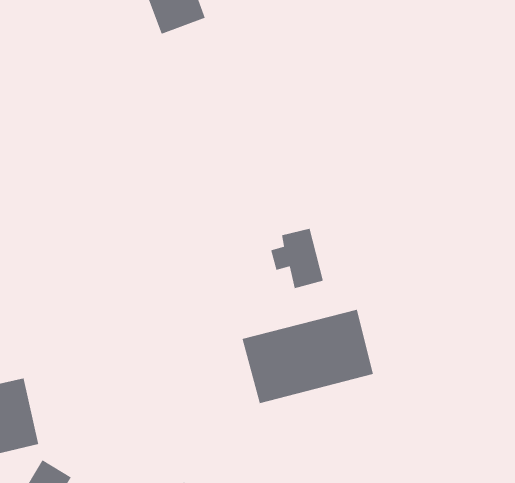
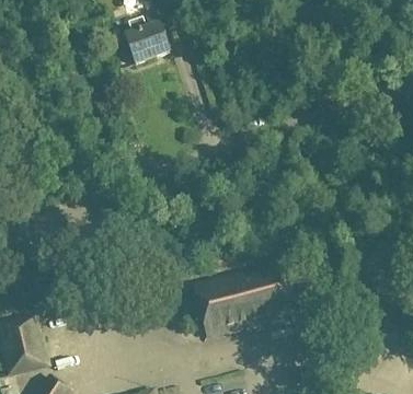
building: [270,228,324,289] -> none

